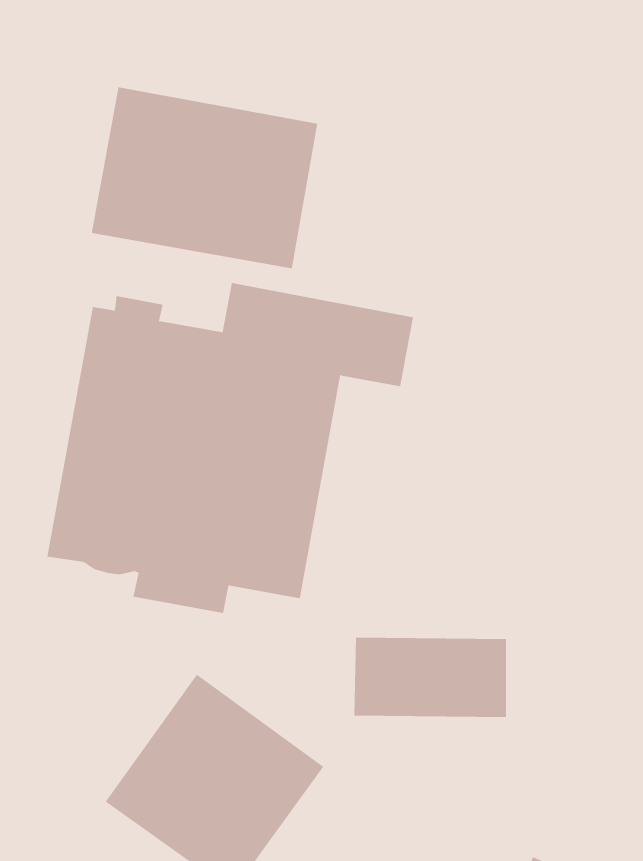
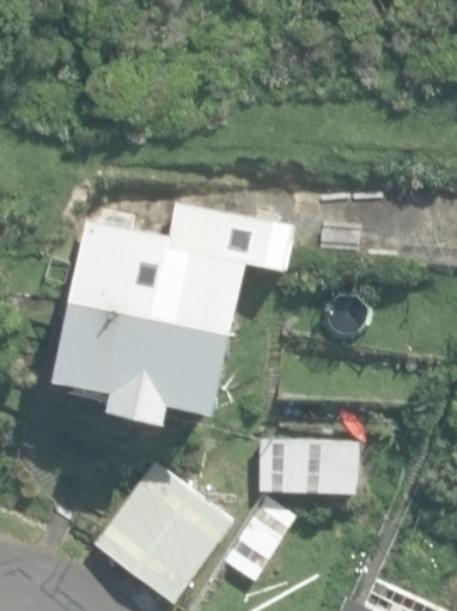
building: [91,86,318,269] -> none

